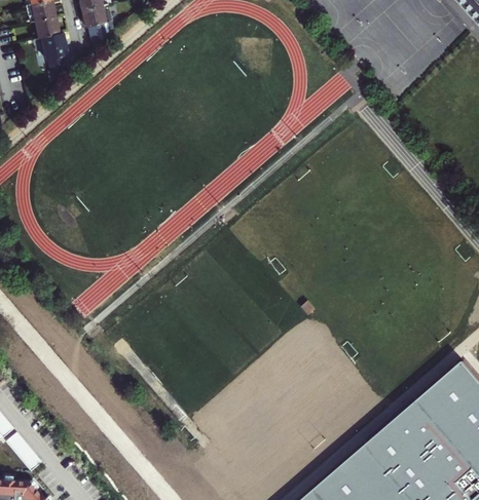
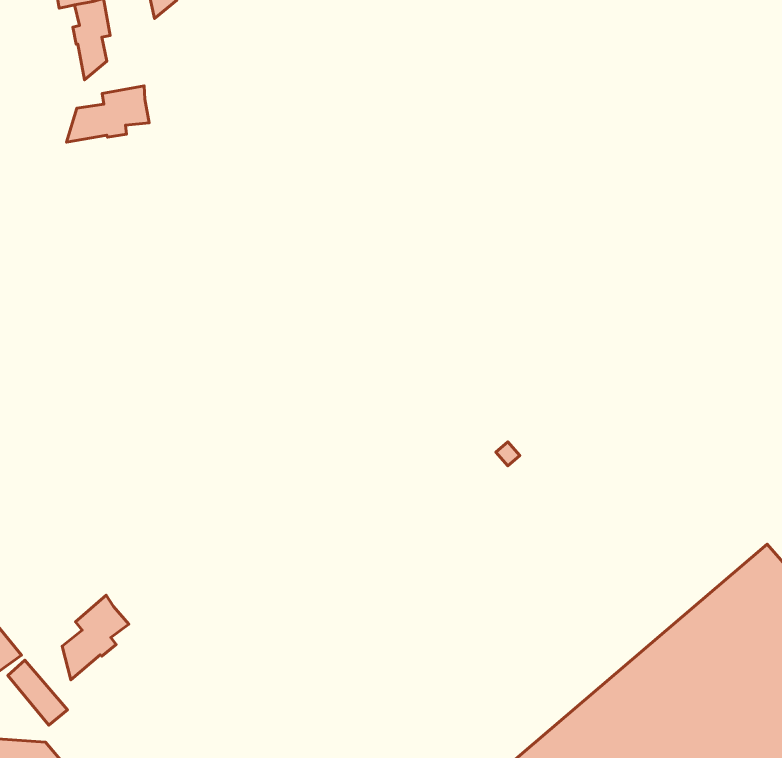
building: none -> [67,86,149,142]
building: none -> [62,595,129,680]

